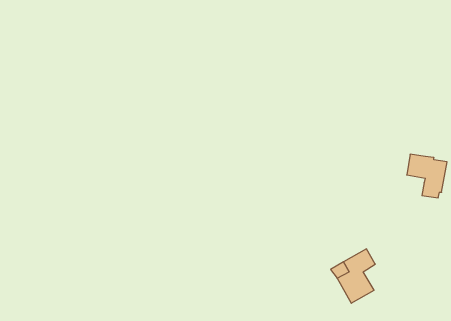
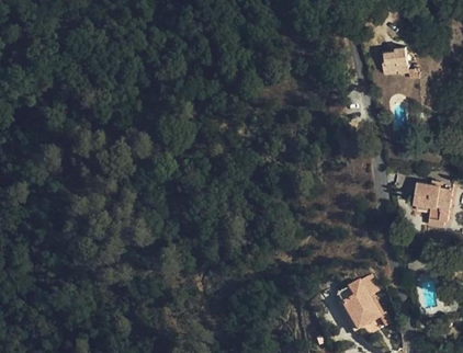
building: none -> [382,45,410,71]

